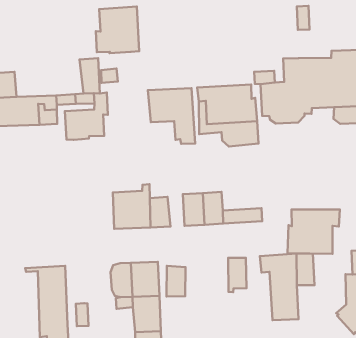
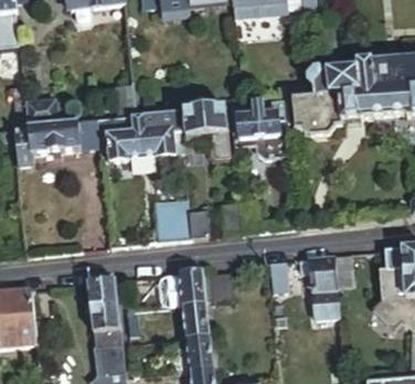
building: [96,7,139,53] -> [142,108,184,153]
building: [287,209,340,254] -> none

